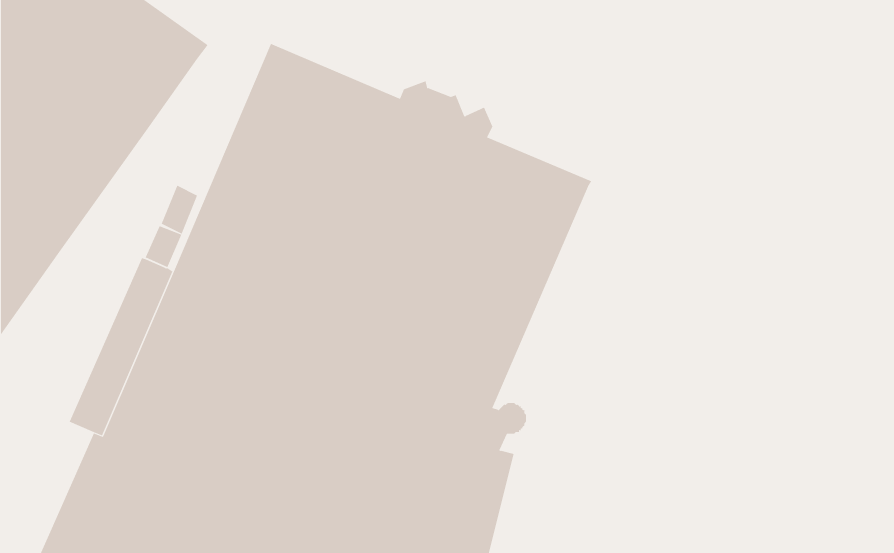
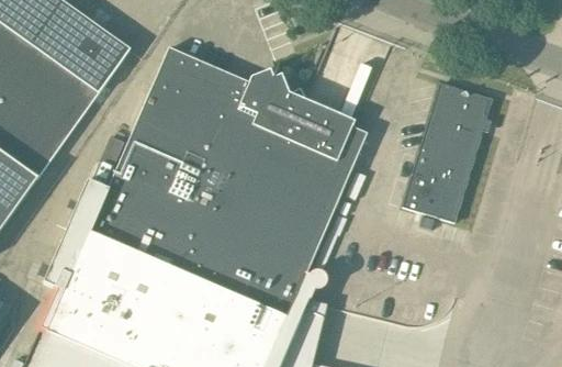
building: none -> [402,82,492,223]

